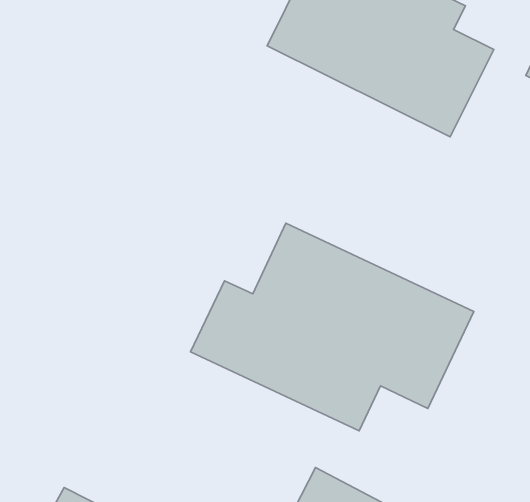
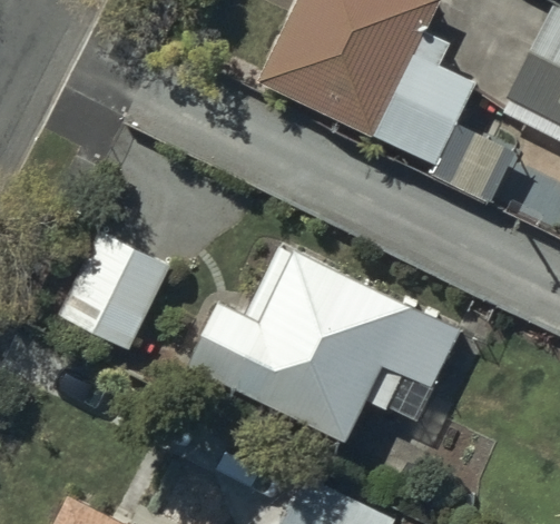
building: none -> [59,230,169,349]

